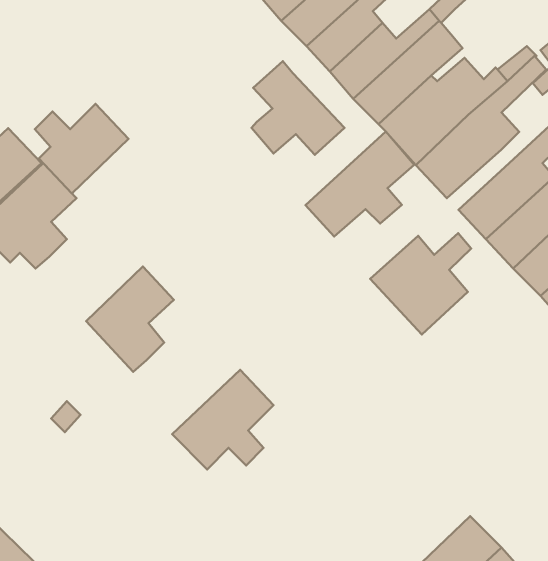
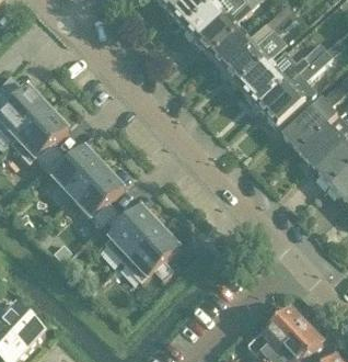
building: [251,61,344,155] -> none
building: [35,104,128,193] -> [54,147,106,197]
building: [306,132,414,236] -> none
building: [370,233,471,335] -> none
building: none -> [104,205,161,261]

